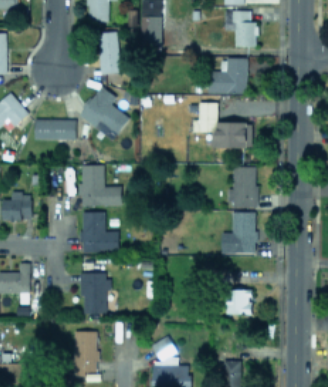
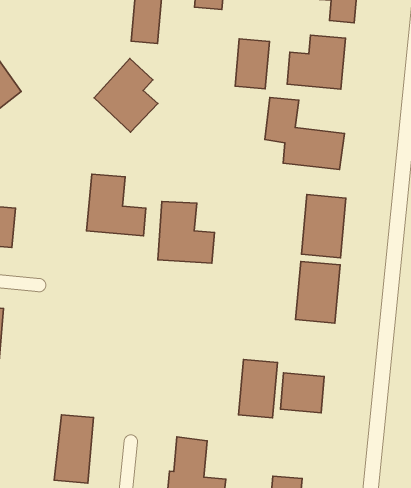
building: none -> [235,39,269,89]
building: [34,120,75,140] -> none
building: [80,212,118,253] -> [158,202,215,263]
building: [81,273,108,314] -> none
building: none -> [239,359,277,418]

